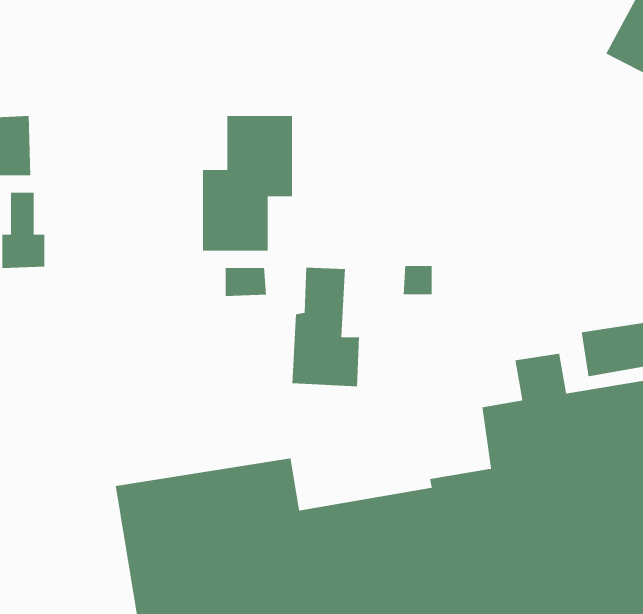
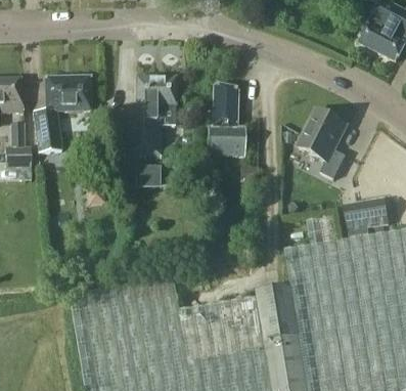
building: none -> [33,78,90,155]
building: none -> [298,108,345,179]
building: [292,267,360,387] -> [206,87,245,158]

